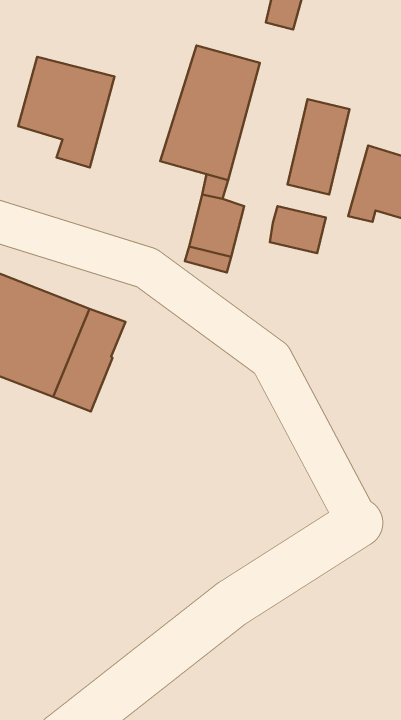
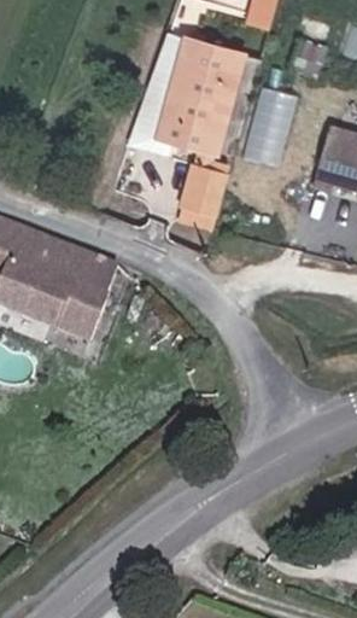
building: [18,57,115,167] -> none
building: [270,206,326,253] -> none

